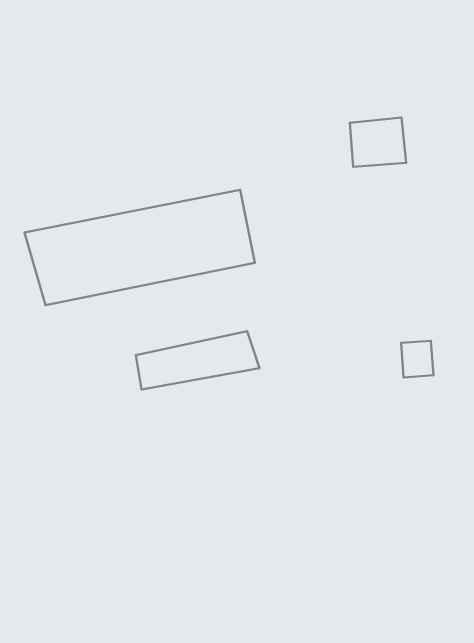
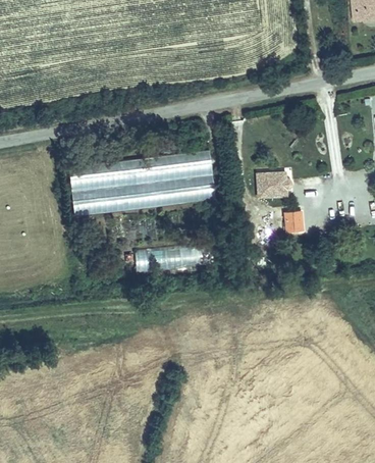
building: [350,118,406,167] -> [253,172,287,202]
building: [401,341,433,377] -> [281,214,301,237]

